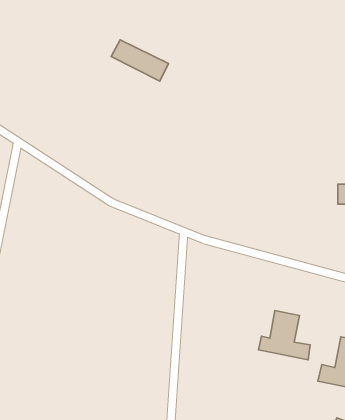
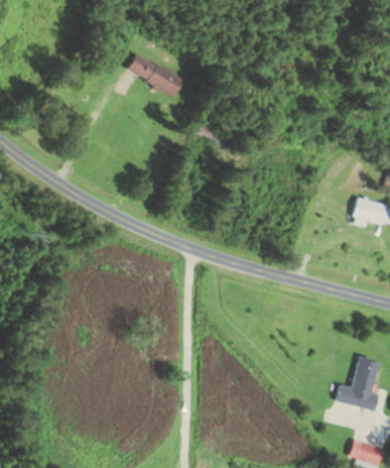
building: [258,311,310,360] -> none

